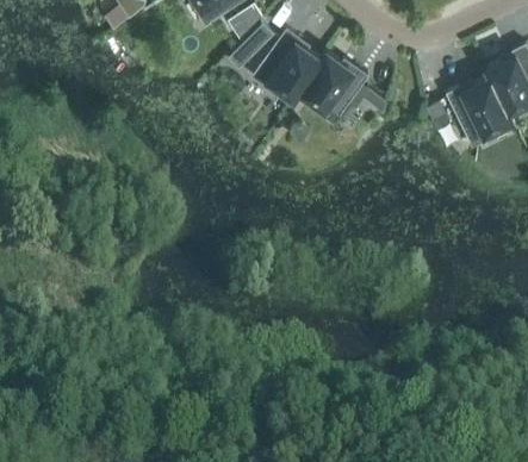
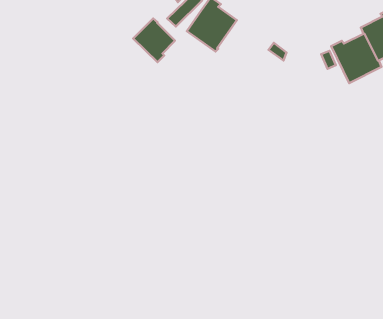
building: [294,51,367,124] -> none
building: none -> [133,18,175,62]

